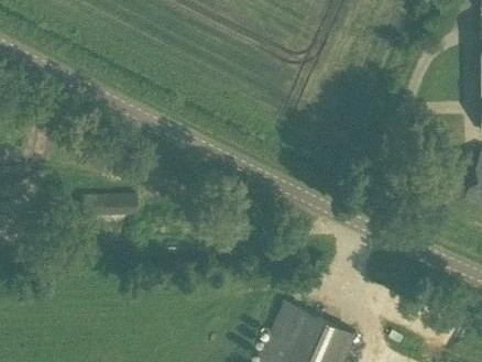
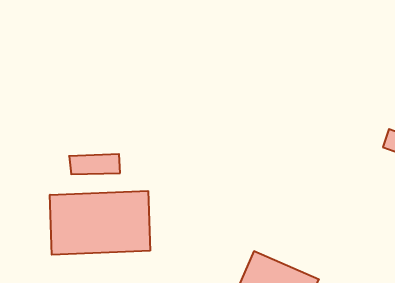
building: none -> [50,191,150,255]

